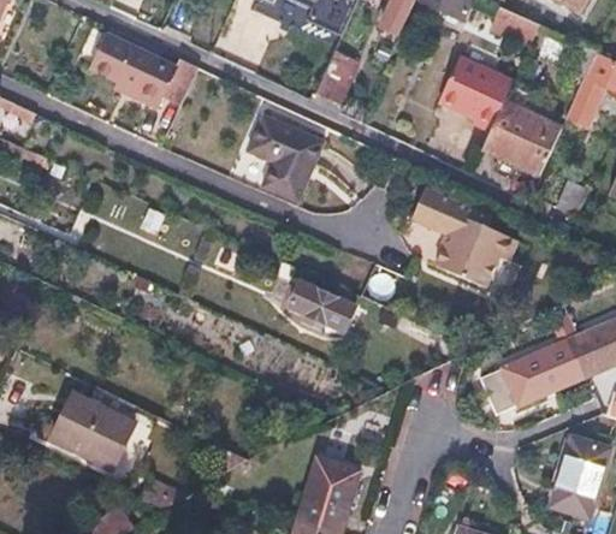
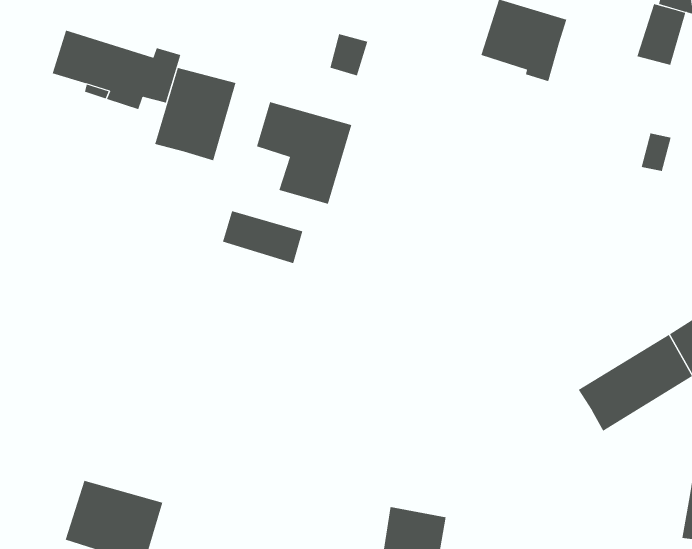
building: none -> [154,67,236,161]
building: [482,99,562,173] -> none
building: [410,188,516,289] -> none
building: [291,284,357,333] -> [222,211,303,264]

